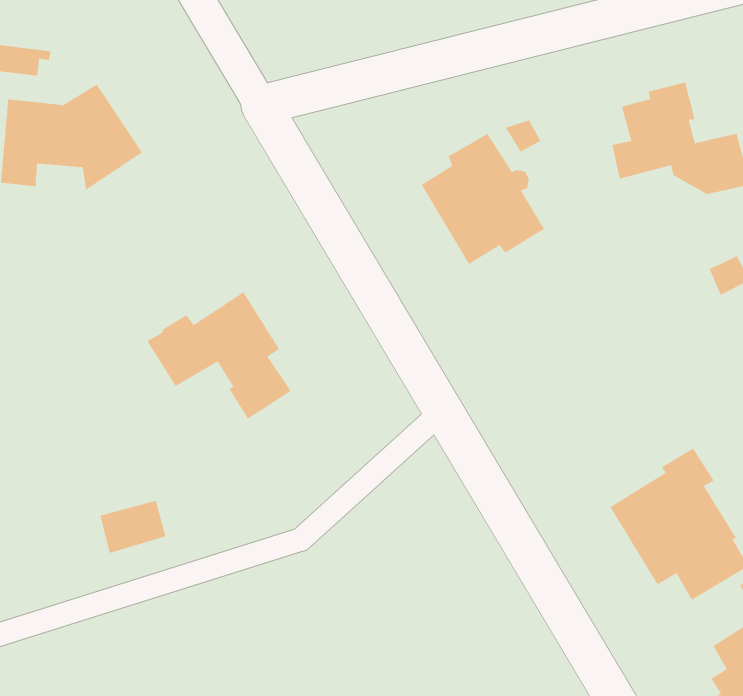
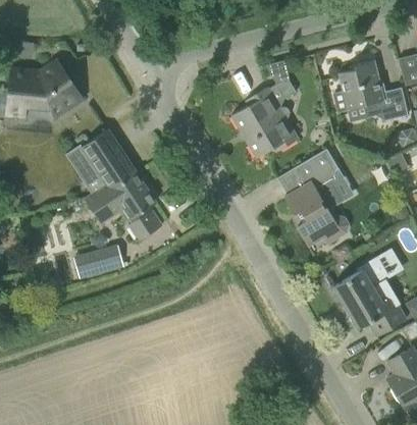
building: none -> [65,128,137,194]
building: none -> [284,149,349,245]
building: [99,500,166,554] -> [87,246,122,274]

